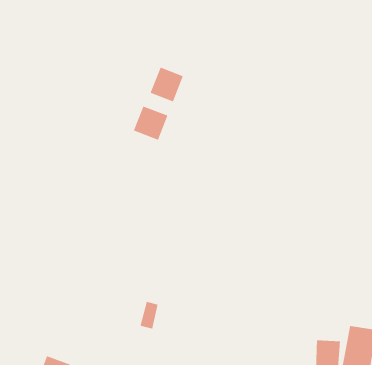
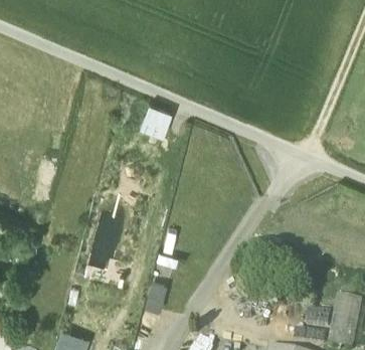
building: [150,67,184,103] -> none

